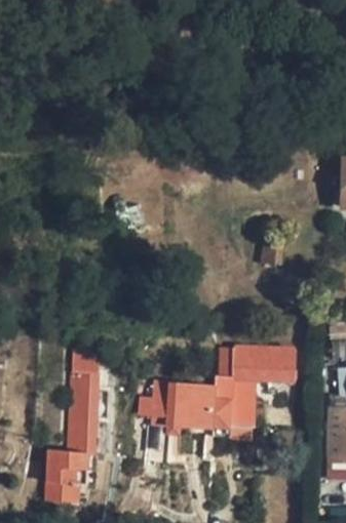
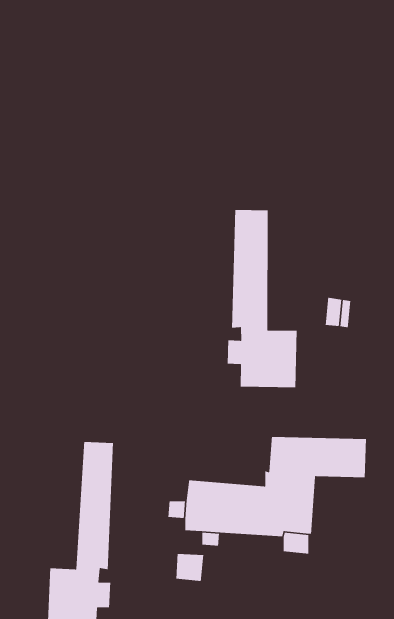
building: none -> [227,209,298,388]

